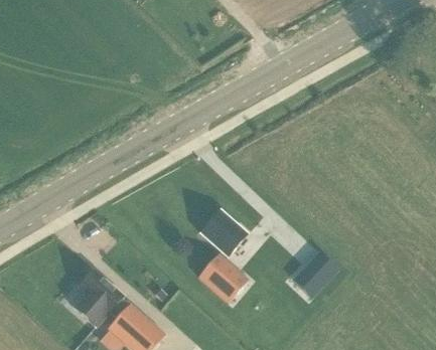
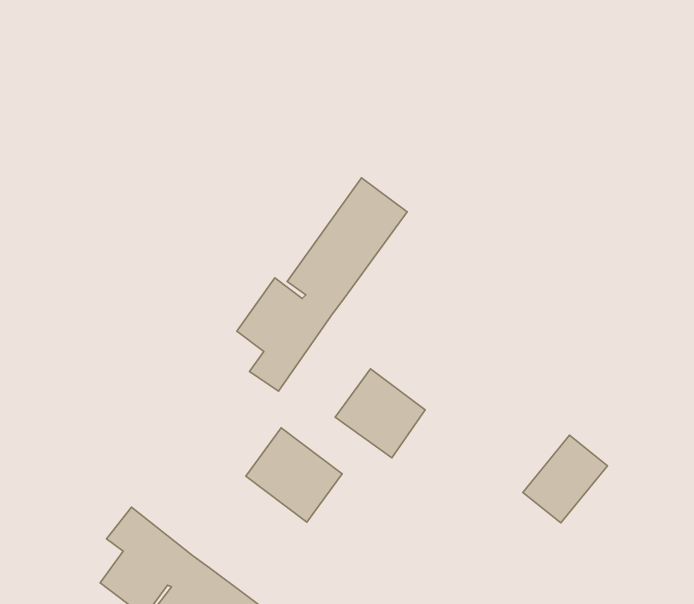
building: none -> [237,178,407,391]
building: [199,253,249,303] -> [246,428,342,522]

